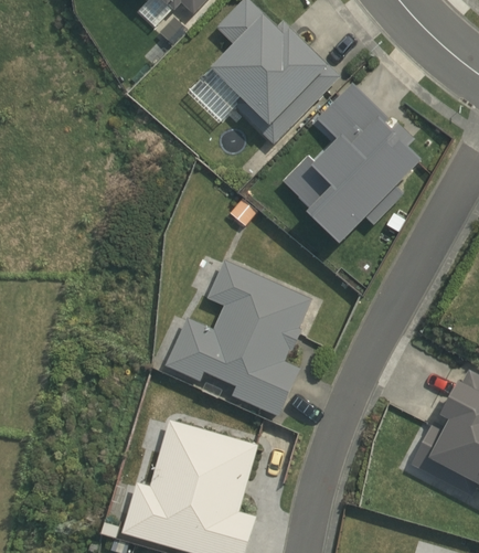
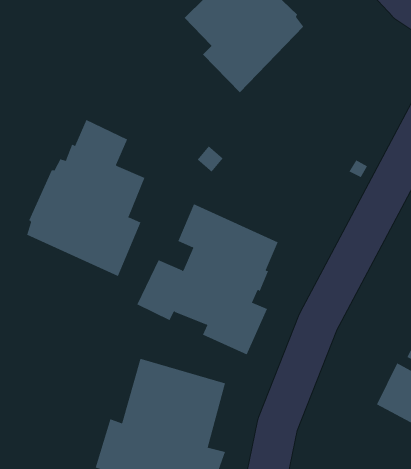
building: [310,84,423,244] -> none
building: none -> [27,119,145,277]

